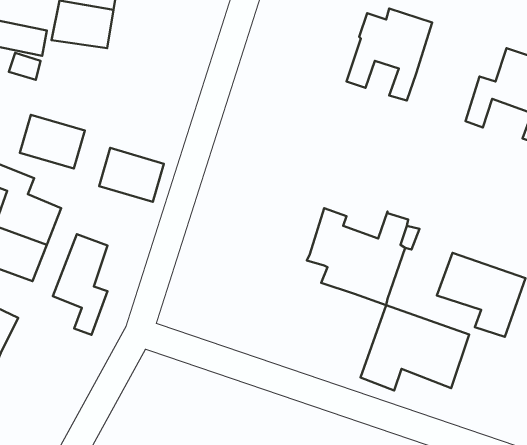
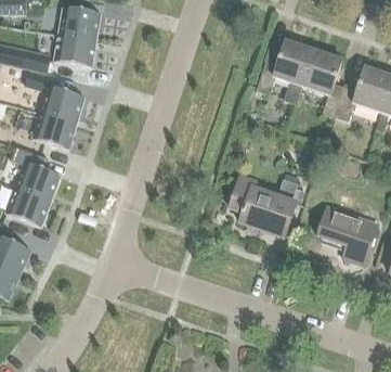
building: none -> [302,49,346,116]
building: [99,148,164,202] -> [39,86,83,123]
building: [53,234,108,335] -> none
building: [361,305,469,391] -> none

